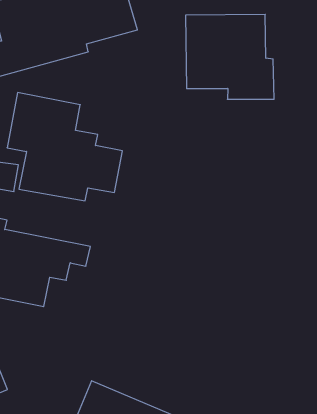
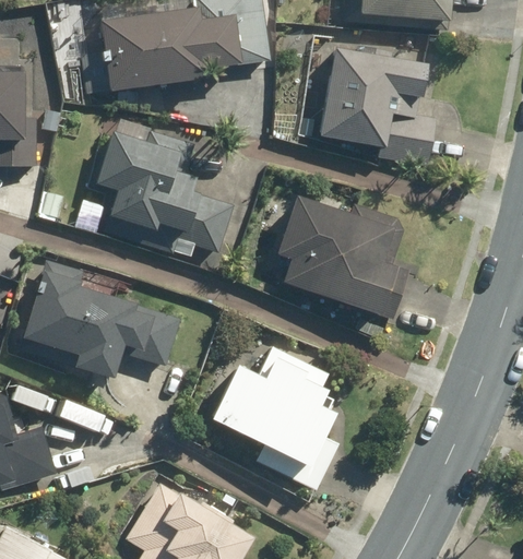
building: none -> [277,195,402,314]
building: none -> [209,345,341,493]

